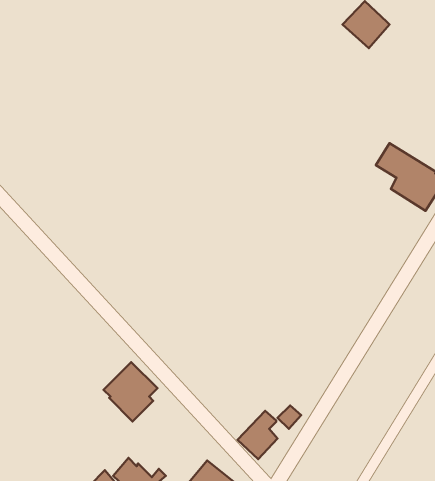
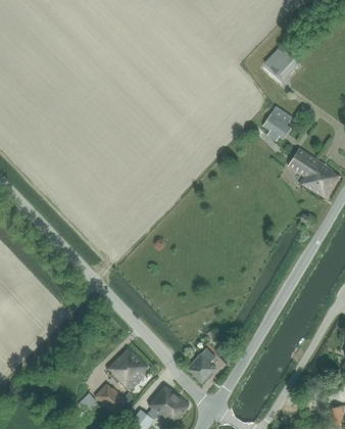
building: none -> [262,104,292,138]
building: [104,362,157,421] -> [108,346,148,390]

